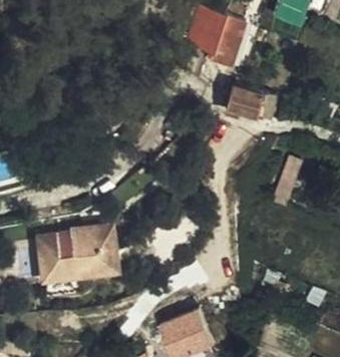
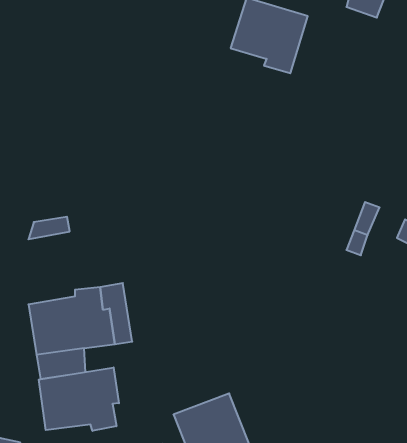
building: [226,87,277,118] -> none
building: none -> [39,367,119,431]

